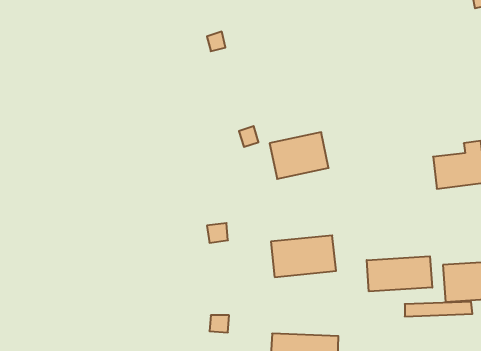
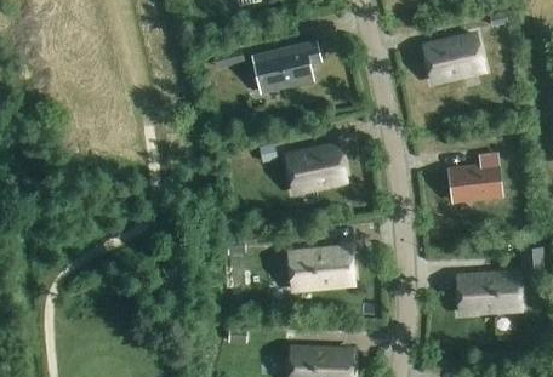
building: none -> [424,34,483,80]
building: none -> [253,42,319,90]
building: [367,256,432,291] -> none

